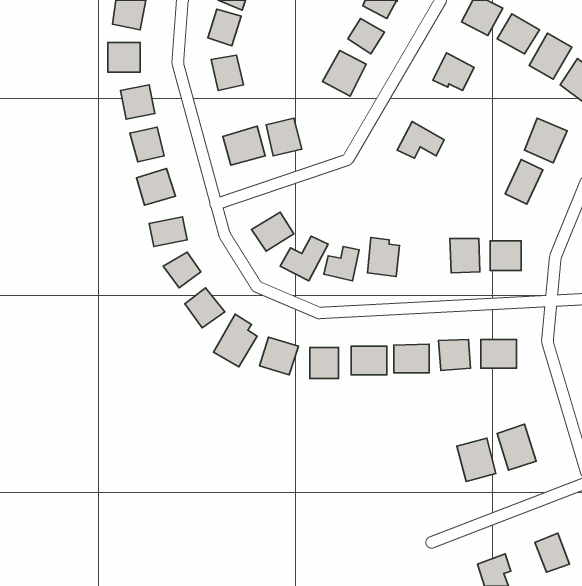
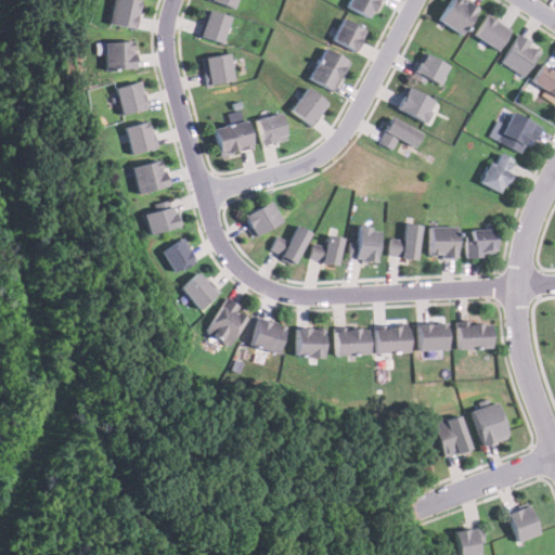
building: none -> [397,83,437,125]
building: none -> [291,87,331,127]
building: none -> [391,222,422,261]

